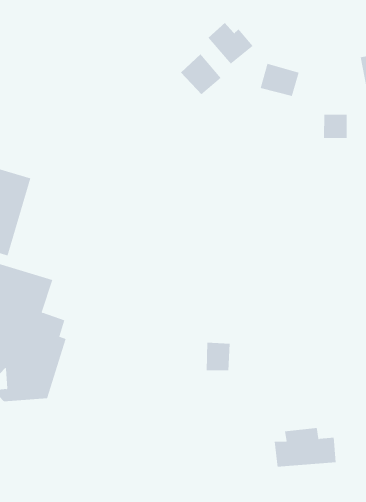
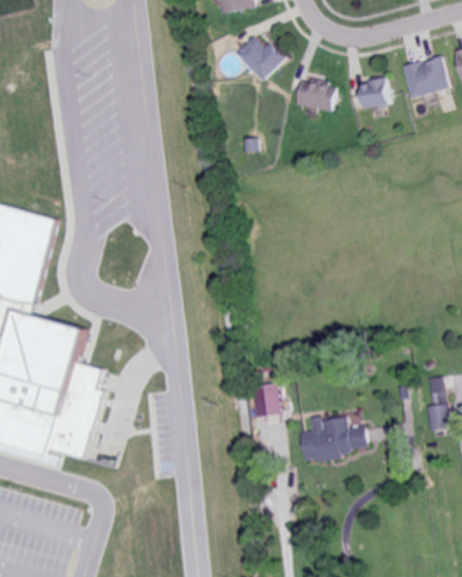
building: [180,54,222,95] -> none
building: [323,114,348,139] -> [359,80,387,108]
building: [274,427,337,467] -> [298,414,367,460]

